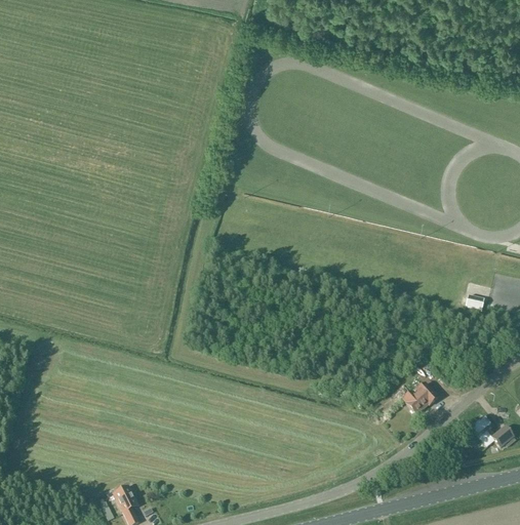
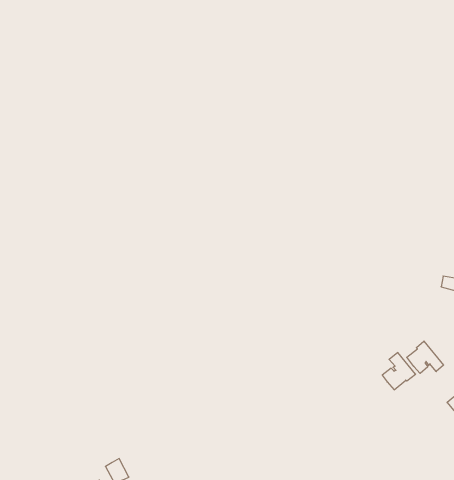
building: none -> [407,341,444,373]

